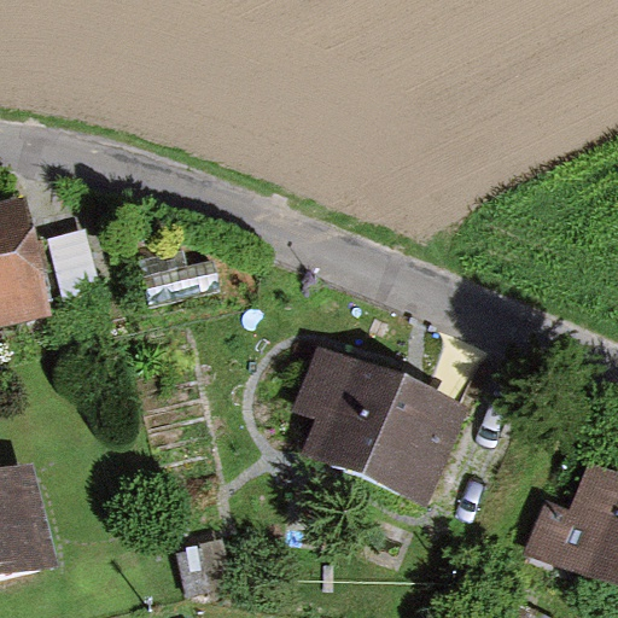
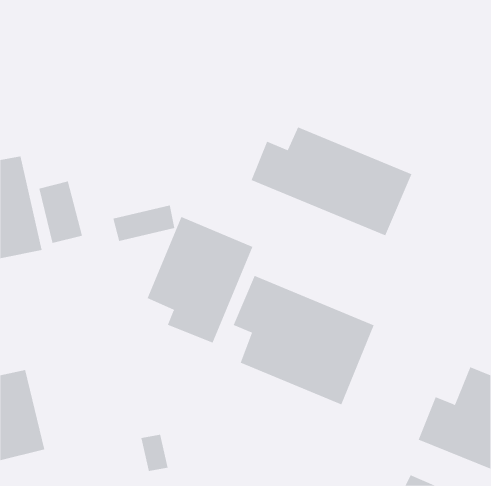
building: none -> [251,127,412,236]
building: none -> [147,216,253,344]

